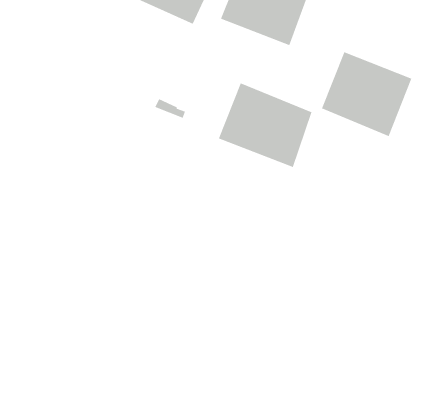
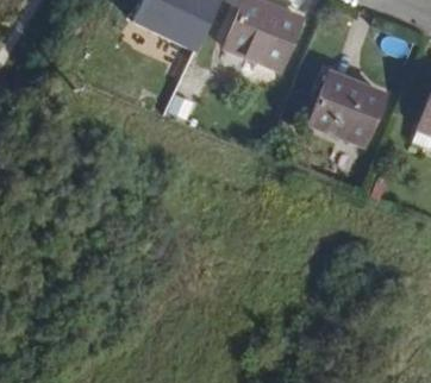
building: [218,82,312,168] -> none

